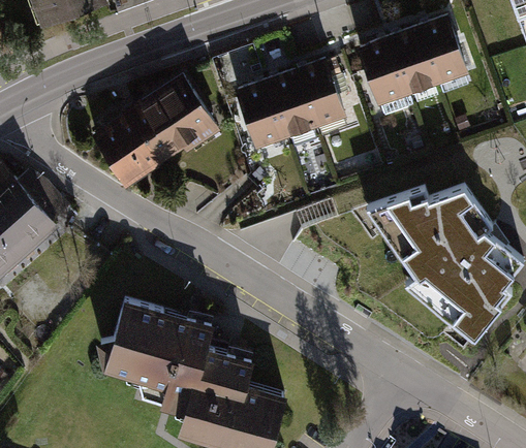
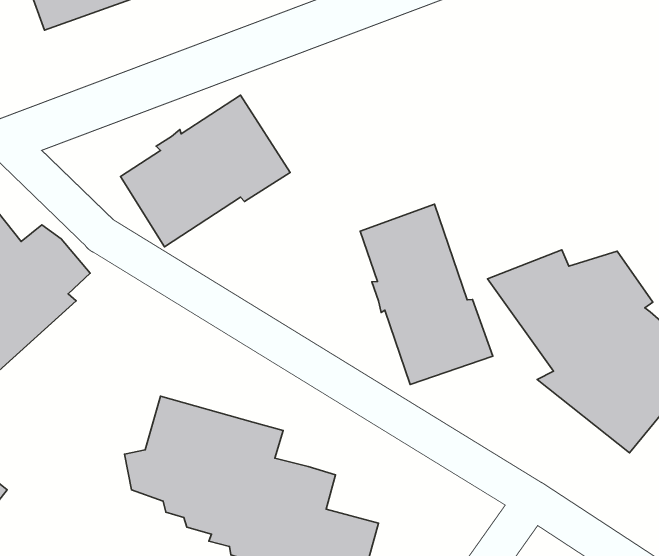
building: [358,15,469,105] -> none
building: [234,57,348,151] -> none
building: none -> [360,204,493,385]

